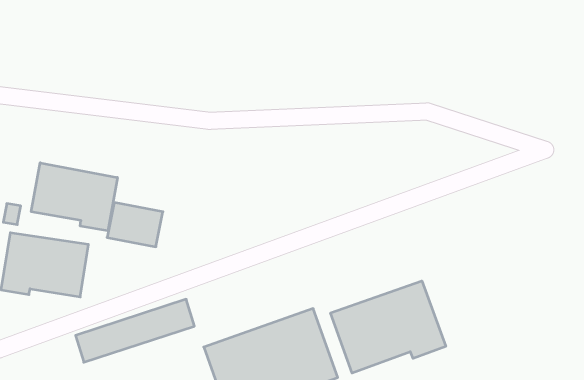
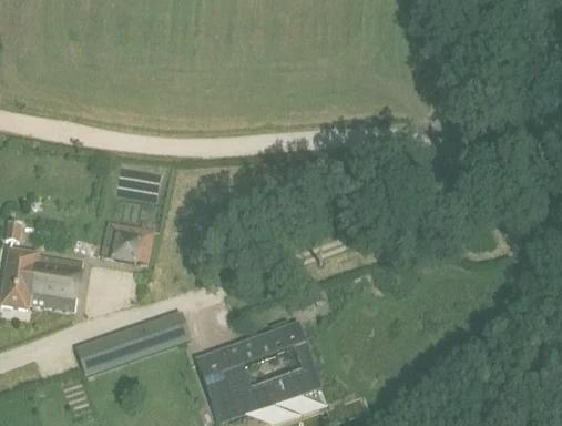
building: [31,163,117,231] -> none
building: [331,281,446,373] -> none

